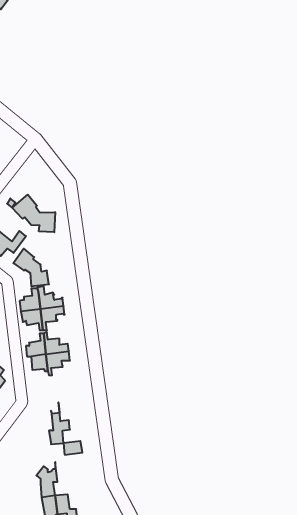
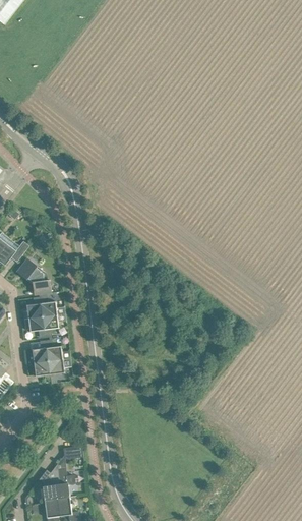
building: [12,195,55,232] -> none
building: [49,402,70,444] -> [56,457,76,498]

